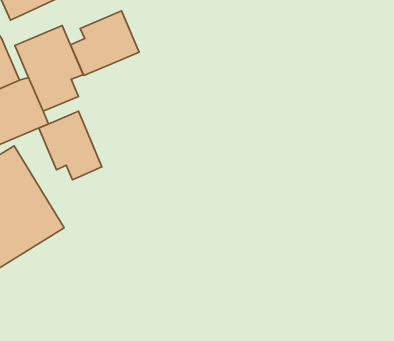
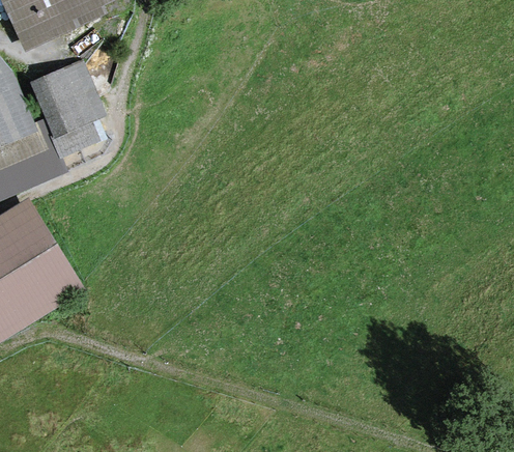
building: [70,11,139,76] -> none
building: [39,111,102,180] -> none

